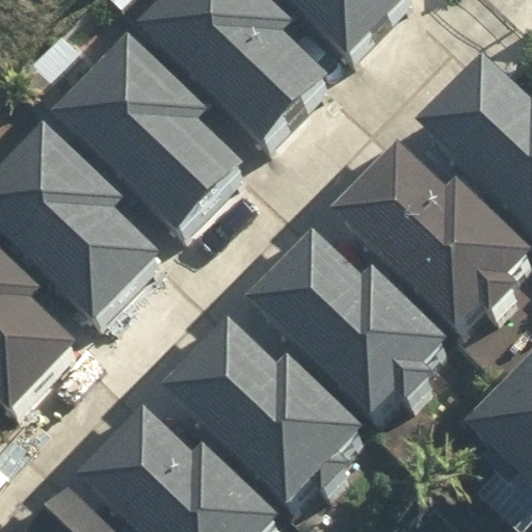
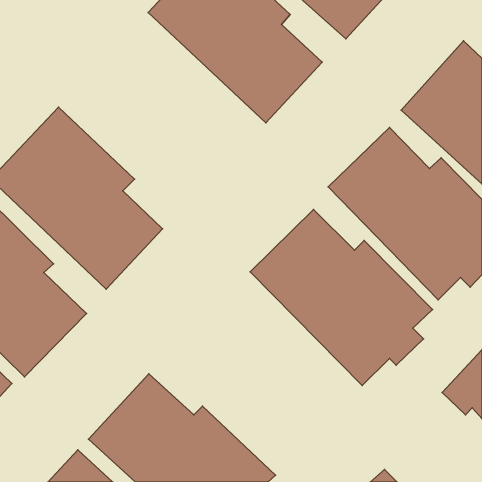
building: [72,27,258,220] -> none
building: [183,310,377,503] -> none

